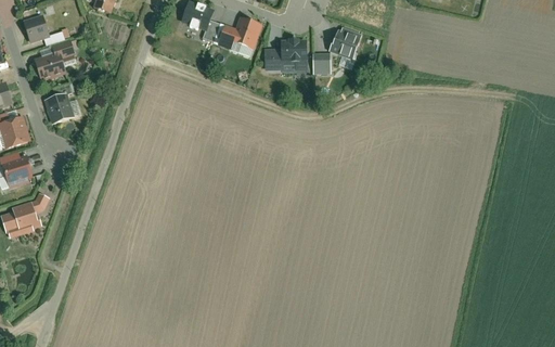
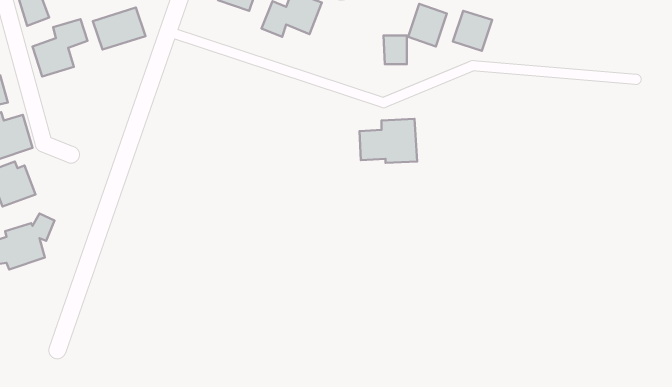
building: none -> [93,8,145,50]
building: none -> [453,11,492,51]
building: [261,38,307,73] -> [360,119,417,163]
building: [48,94,77,125] -> none

